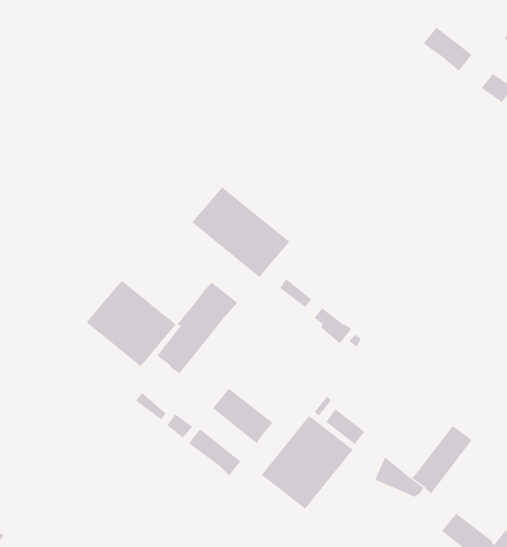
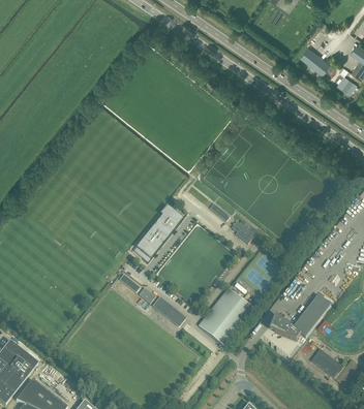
building: [191,186,290,278] -> none
building: [86,280,177,367] -> none
building: [212,388,273,444] -> none

